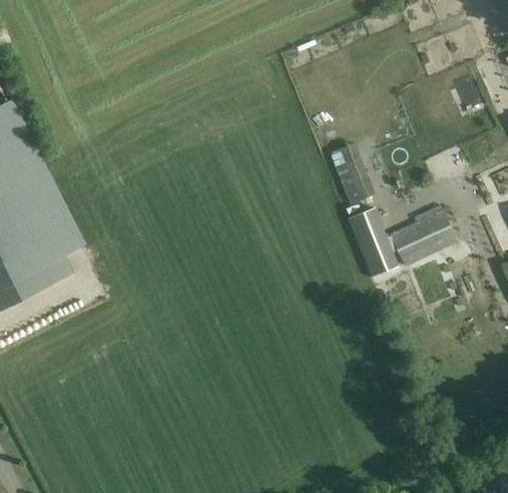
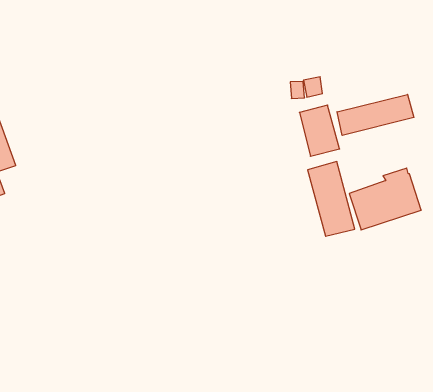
building: none -> [337,94,414,135]

